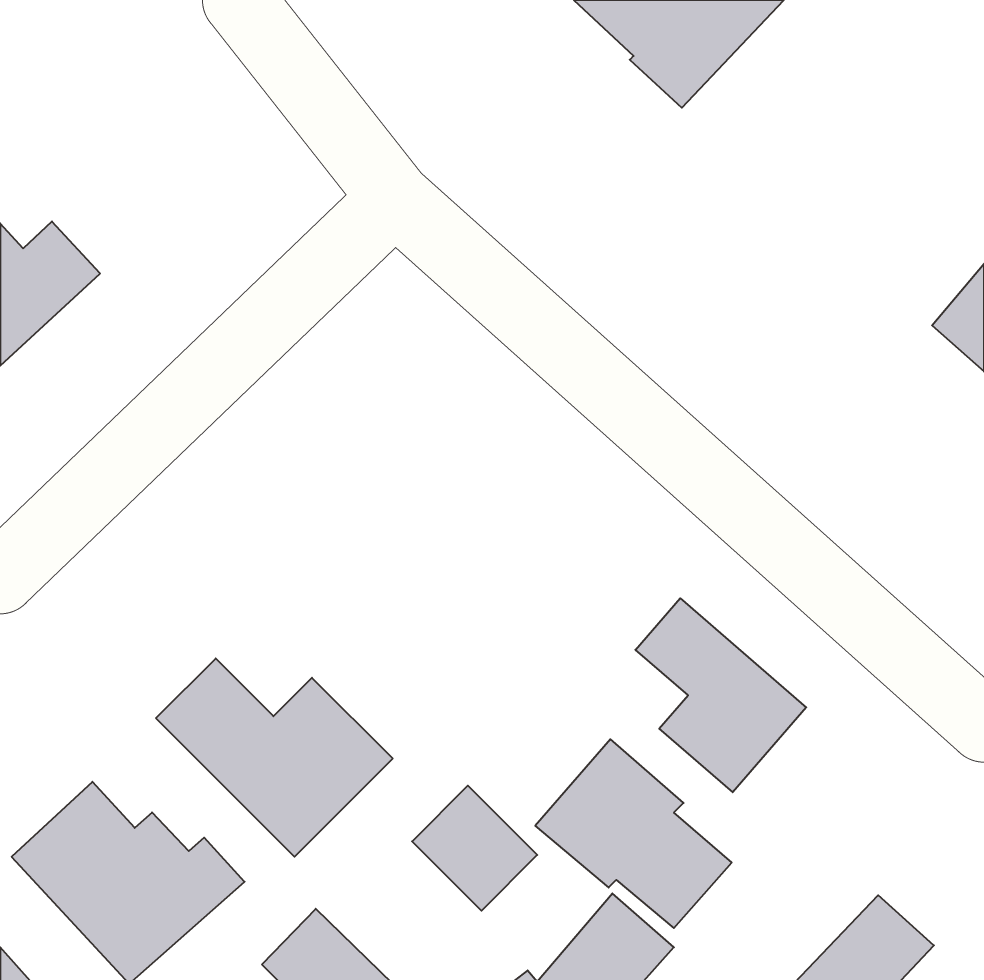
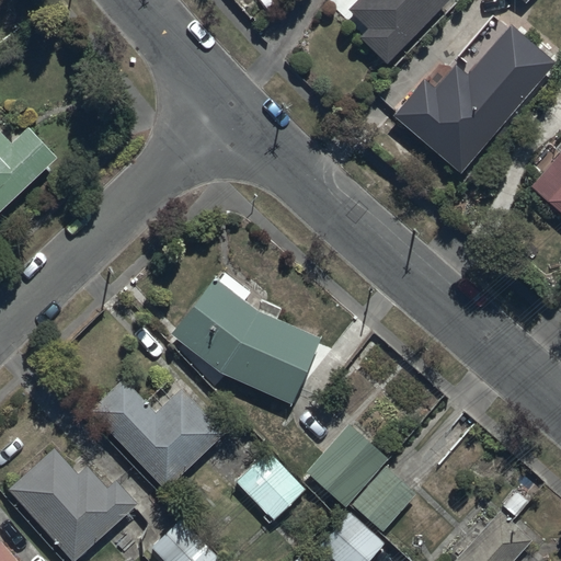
building: none -> [392,24,553,173]
building: none -> [173,273,321,405]
building: [635,598,806,792] -> none

